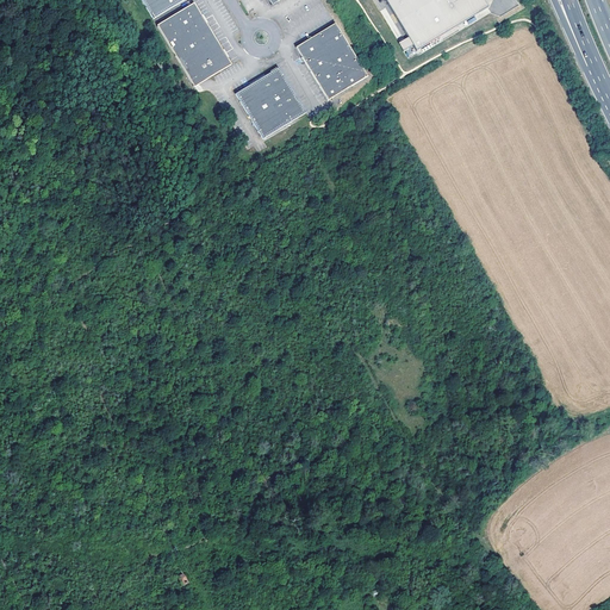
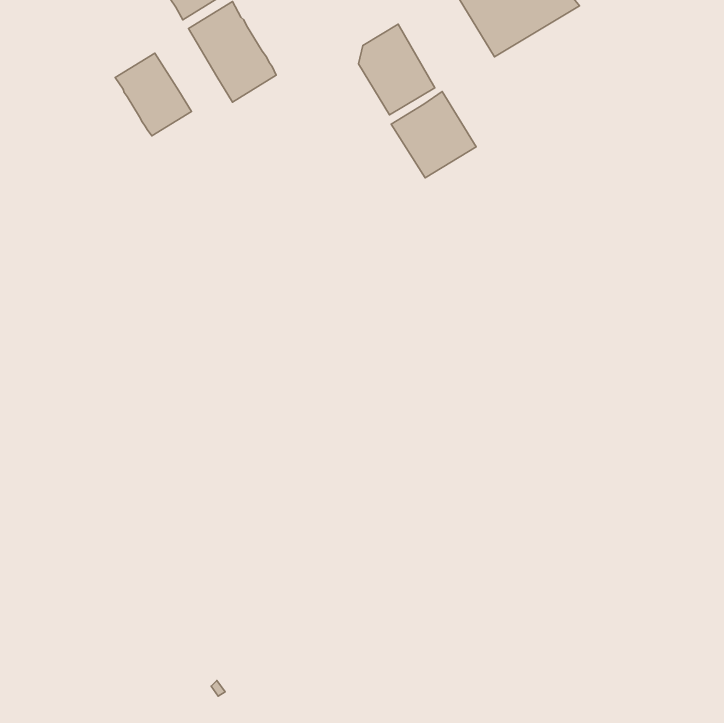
building: none -> [115,53,191,136]
building: [235,64,306,137] -> [391,91,476,178]

